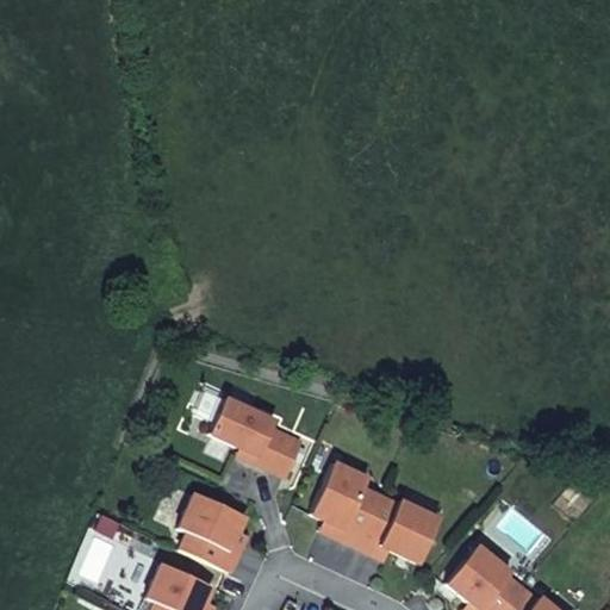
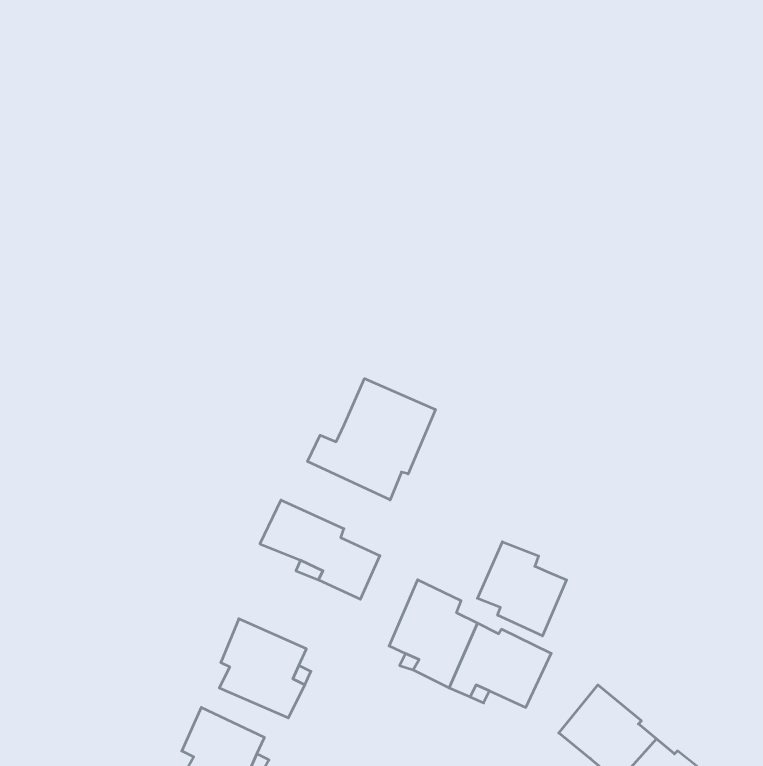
building: none -> [308,379,435,500]
building: none -> [477,542,567,636]

